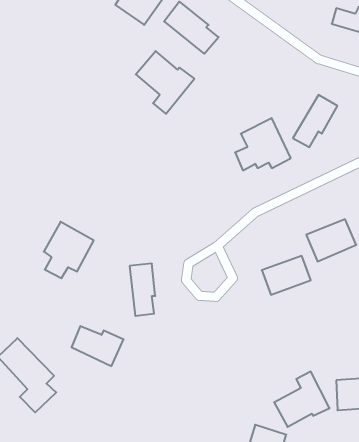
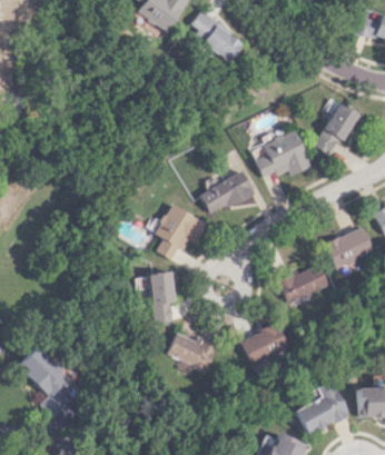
building: [136,51,194,114] -> none
building: none -> [198,171,256,218]
building: [44,222,94,278] -> [155,204,205,260]
building: none -> [245,325,294,366]
building: [71,326,124,366] -> [169,333,221,373]

